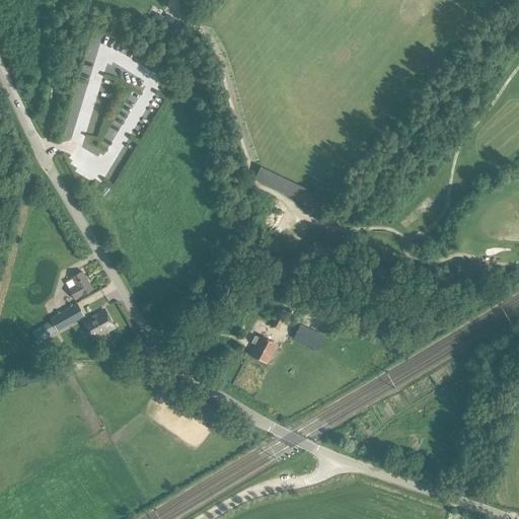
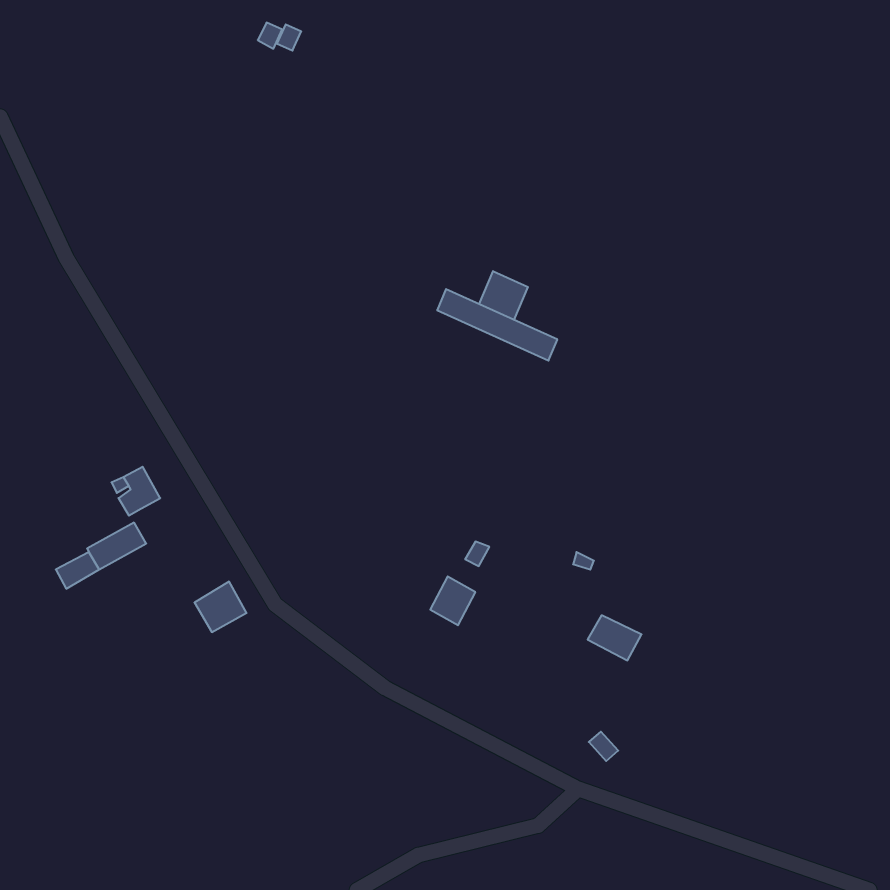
building: none -> [479,271,528,320]
building: [84,310,115,340] -> [194,582,247,632]
building: [293,324,324,351] -> [588,615,642,660]

